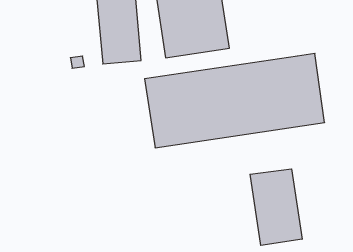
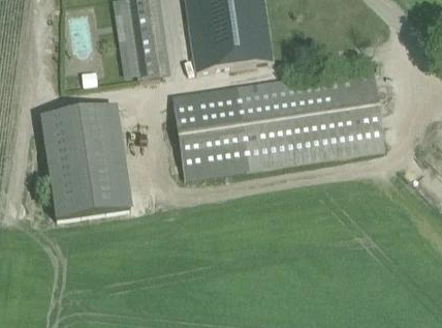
building: none -> [37,103,131,220]
building: [250,169,302,245] -> none

